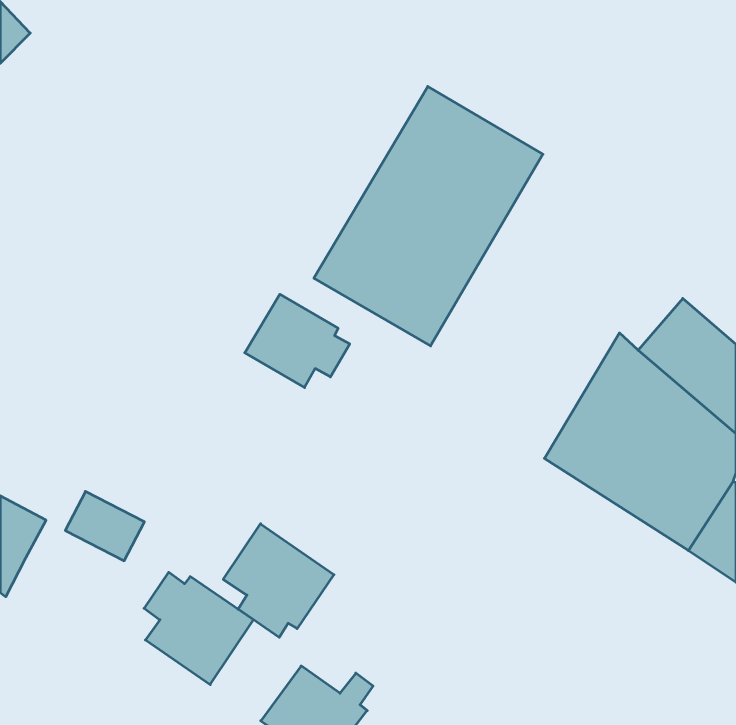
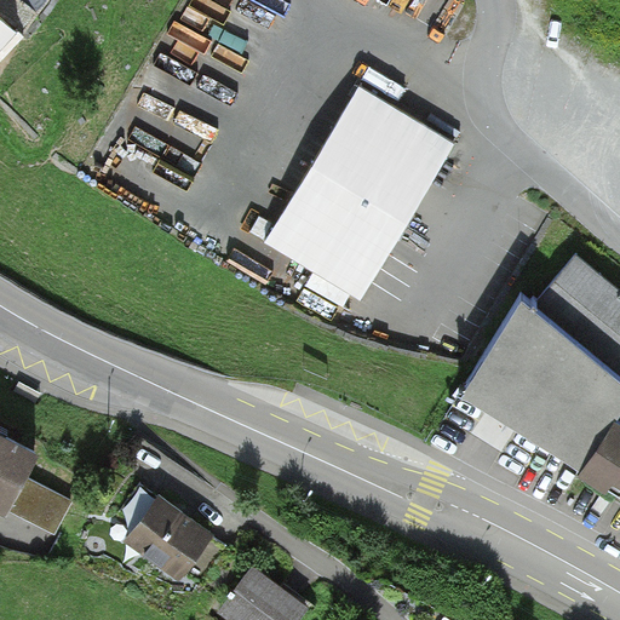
building: [245,294,350,388] -> none
building: [65,491,144,561] -> [5,478,71,536]
building: [223,524,334,637] -> none

